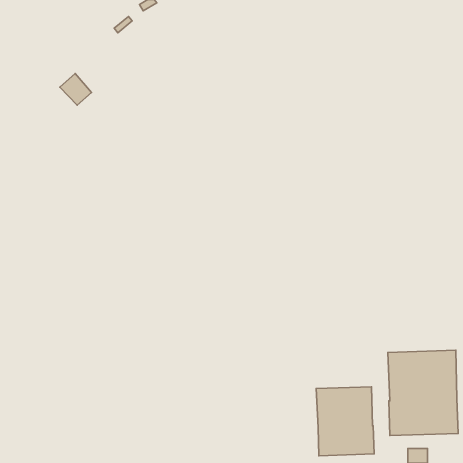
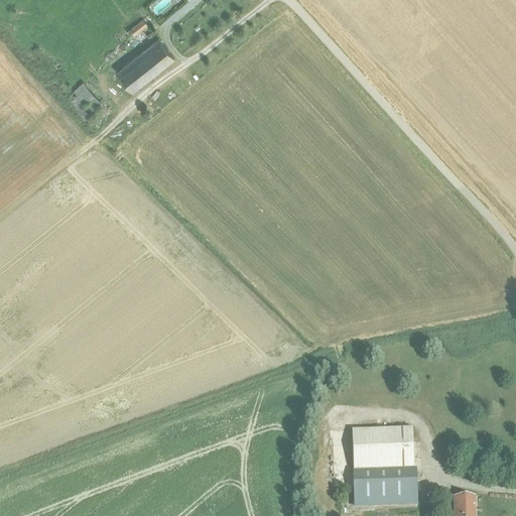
building: none -> [116,37,174,92]
building: [388,350,458,436] -> none

